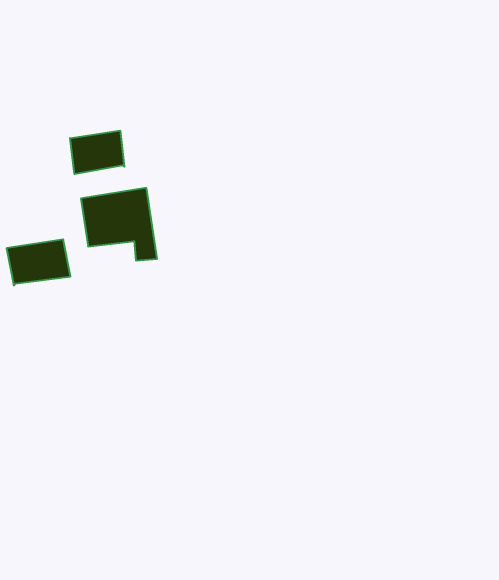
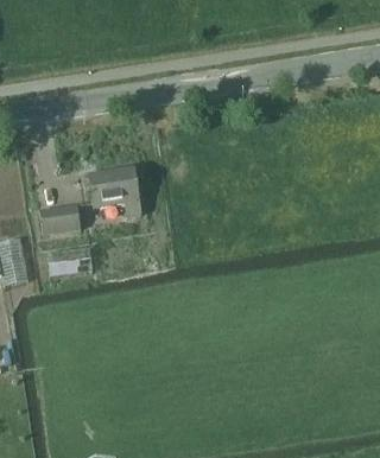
building: [70,131,124,174] -> none

